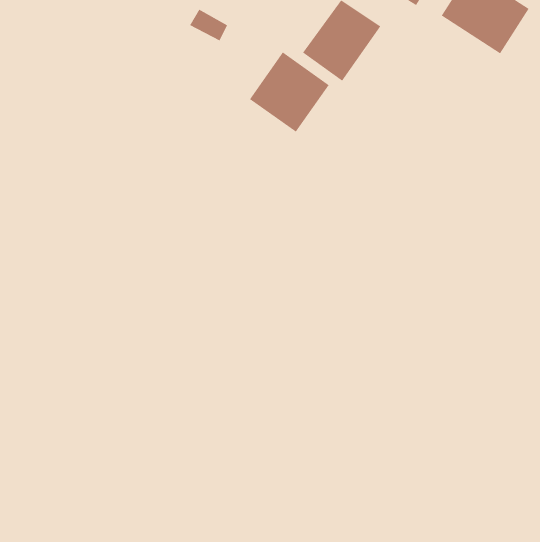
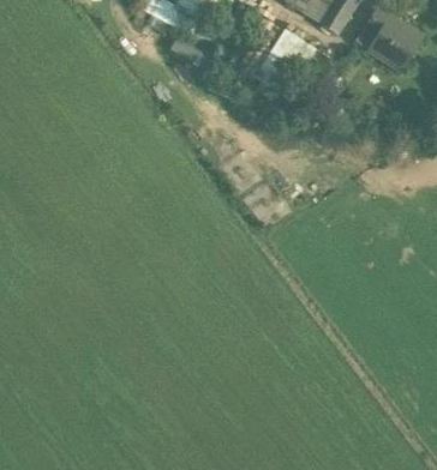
building: [249,52,330,133] -> none

